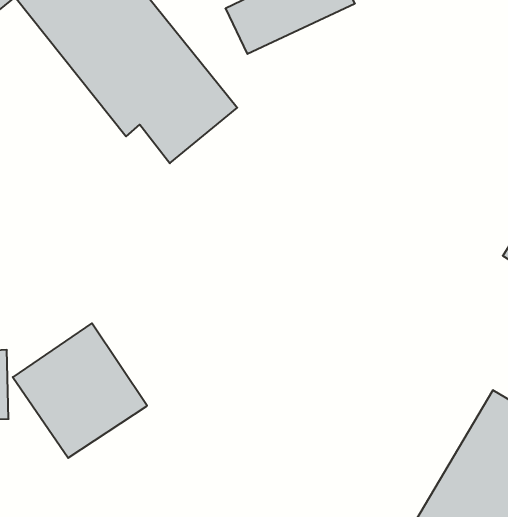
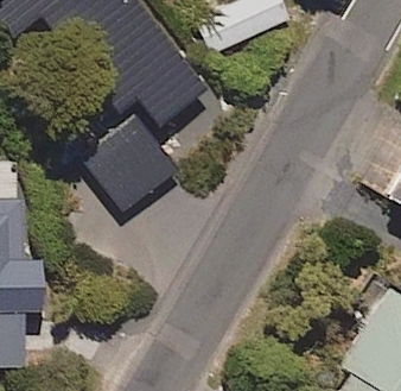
building: [13,323,147,458] -> [82,115,177,210]

